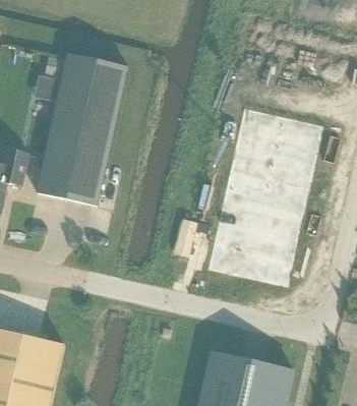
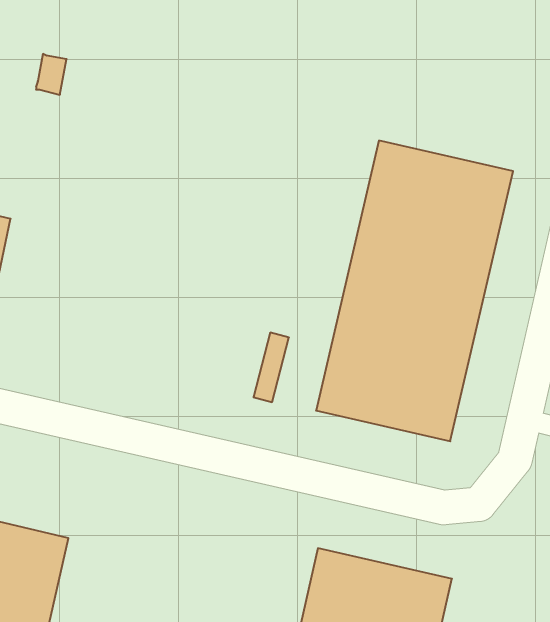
building: [36,52,126,206] -> none

